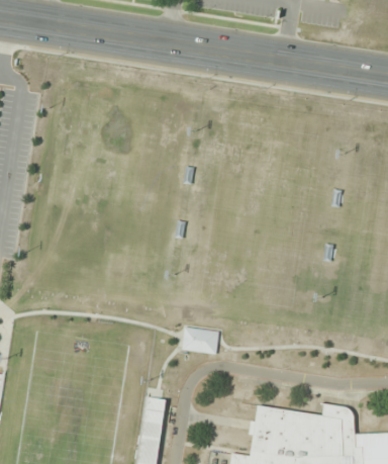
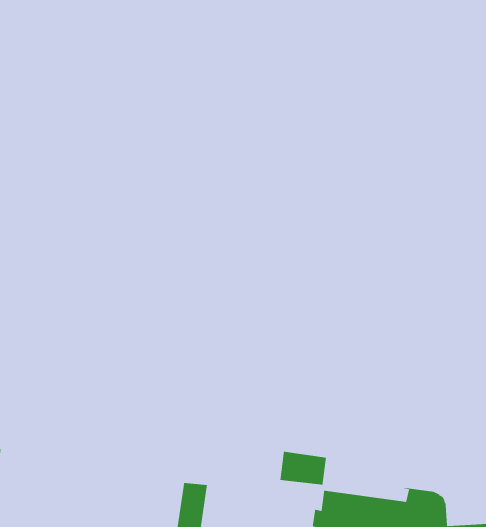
building: [181,328,218,355] -> [279,451,327,486]

